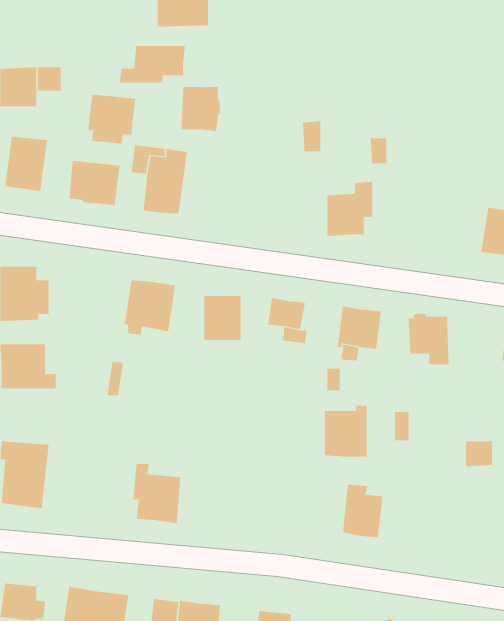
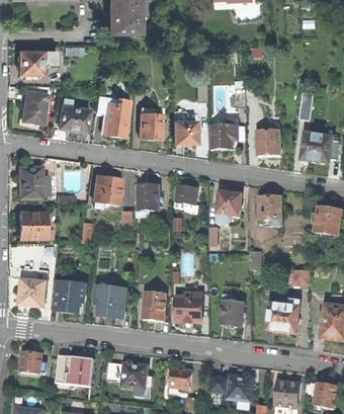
building: [119,45,186,83] -> none
building: [181,87,220,132] -> [140,113,163,140]
building: [88,94,136,144] -> none
building: none -> [174,109,196,144]
building: none -> [257,123,280,156]
building: [324,405,367,457] -> [176,293,201,323]
building: none -> [56,280,86,313]
building: none -> [144,288,168,320]
building: none -> [266,299,299,333]

